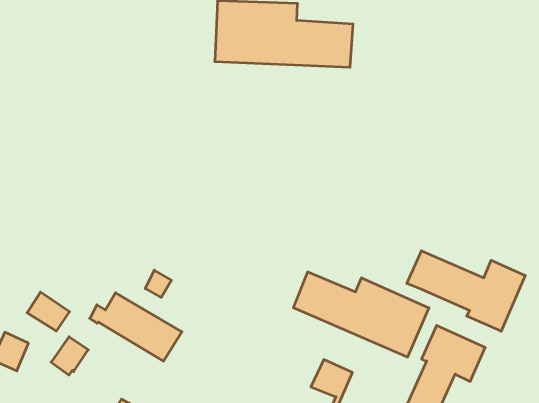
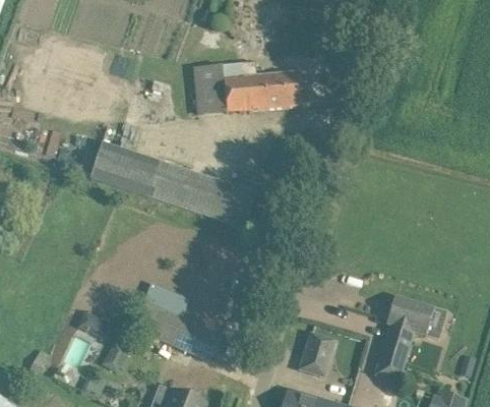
building: none -> [90,142,255,228]
building: [407,251,525,331] -> none
building: [293,272,429,357] -> none

